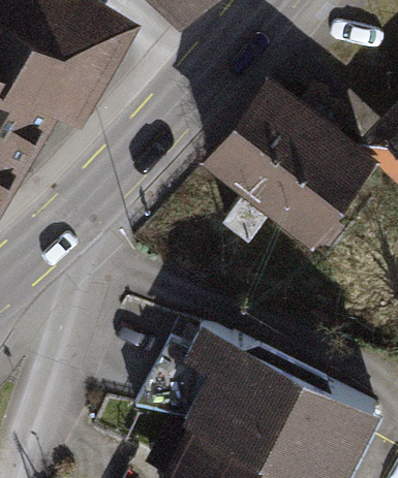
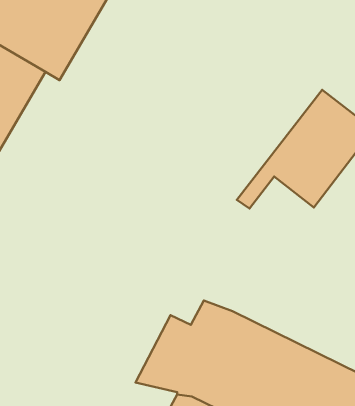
building: [218,93,326,237] -> none

